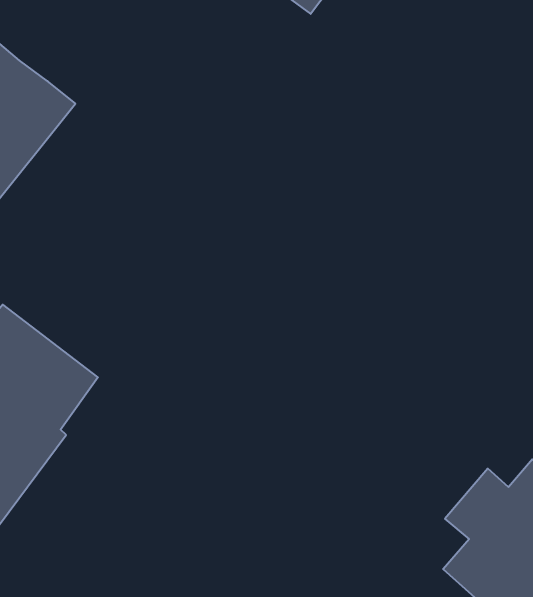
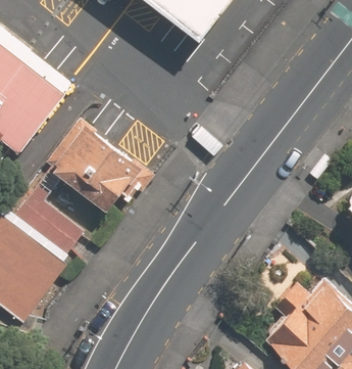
building: none -> [41,123,140,217]

